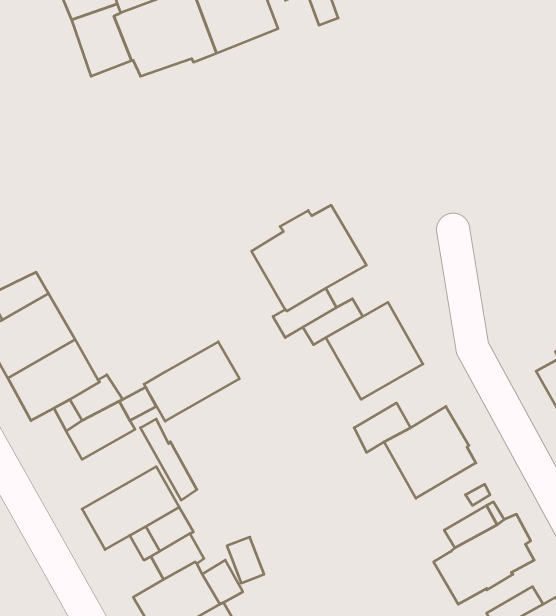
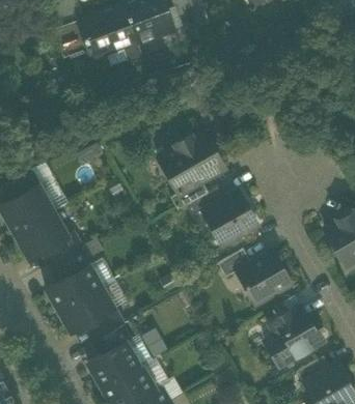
building: [144,342,239,421] -> [47,266,103,313]

